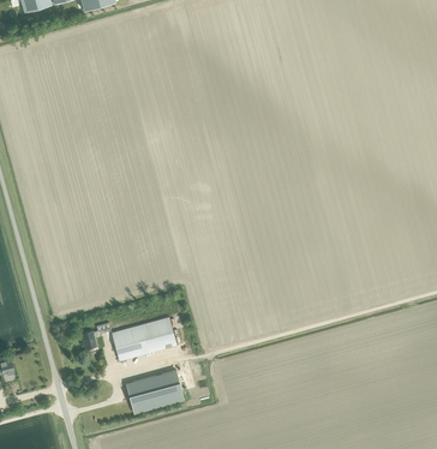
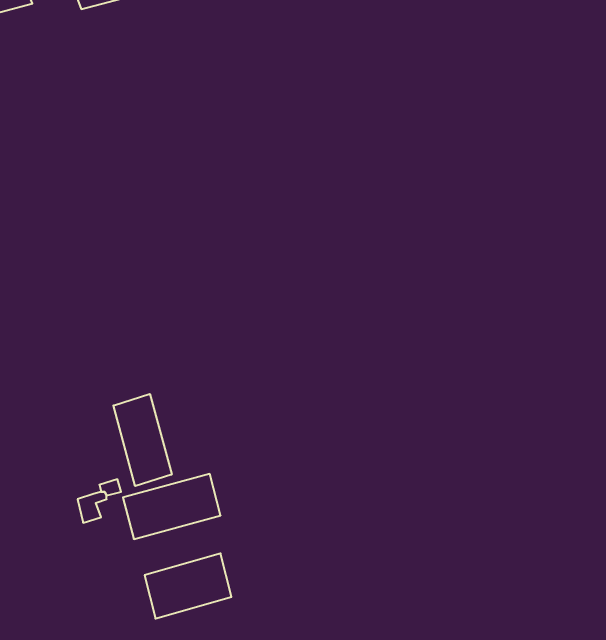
building: none -> [113,394,172,486]

